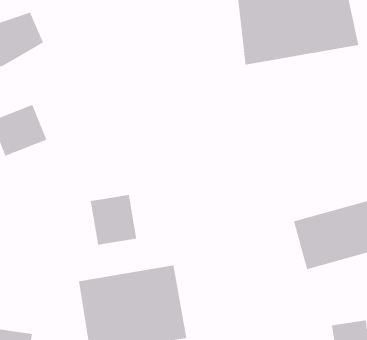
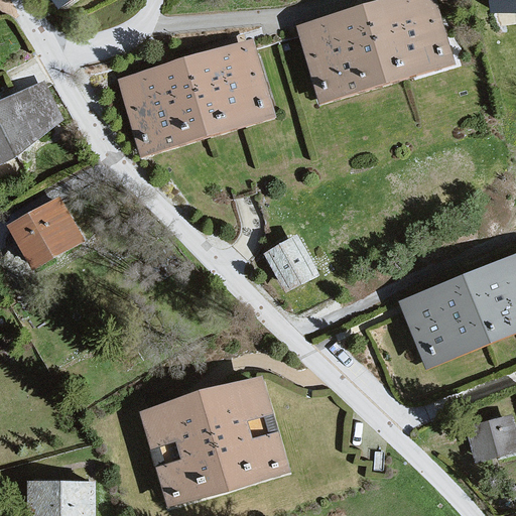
building: none -> [116,43,278,166]
building: none -> [266,231,318,287]
building: [90,194,137,245] -> none

